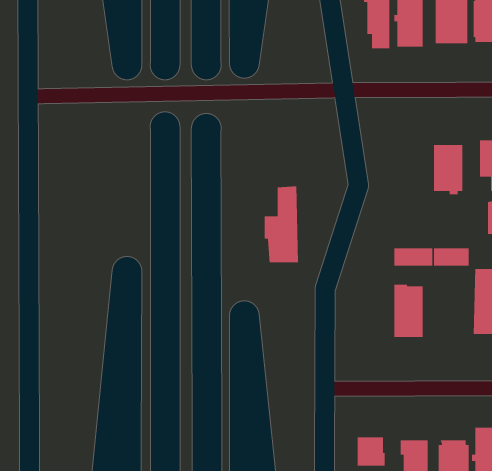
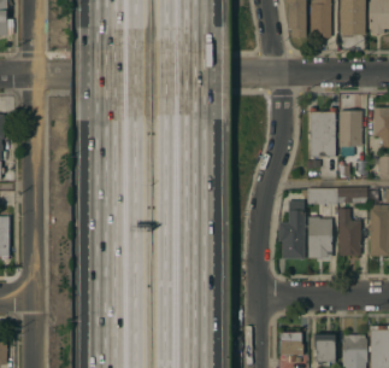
building: none -> [310,112,335,157]
building: [264,185,299,263] -> [278,200,305,259]
building: none -> [338,209,360,257]

